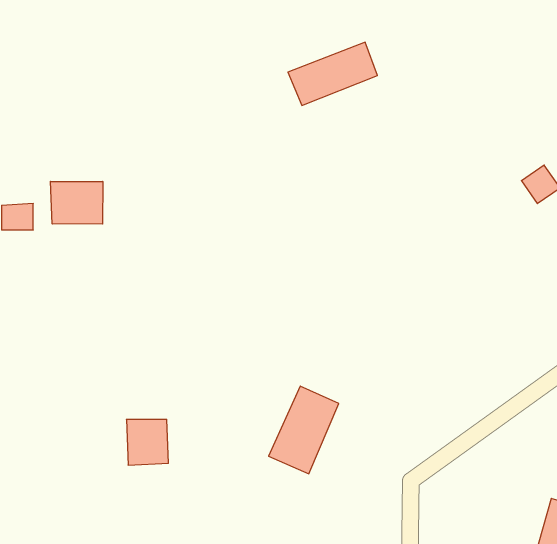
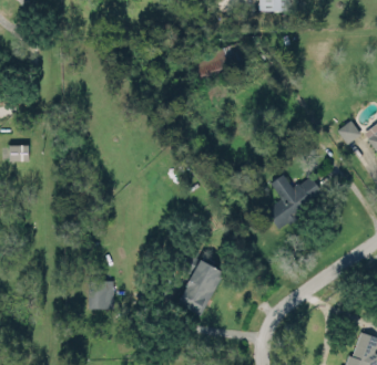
building: [50,181,103,224] -> none
building: none -> [265,173,325,228]

